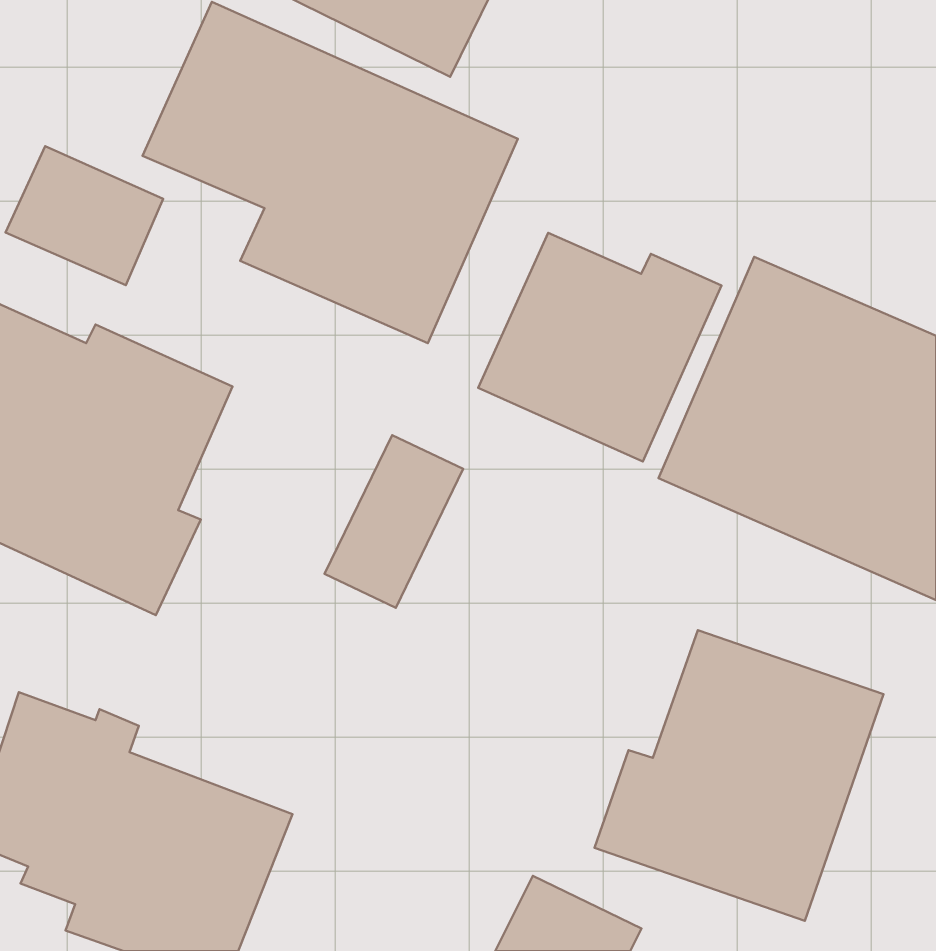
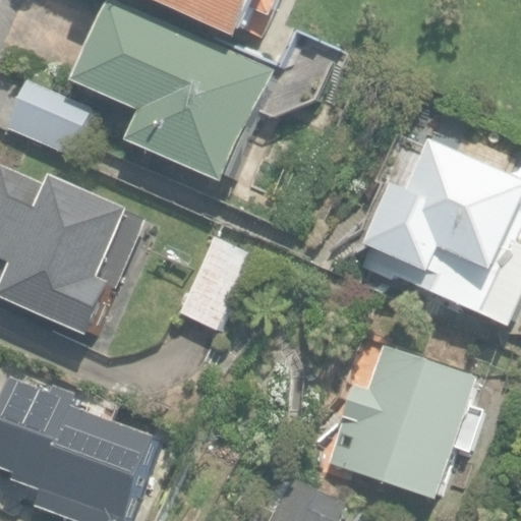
building: [478,233,722,462] -> none

